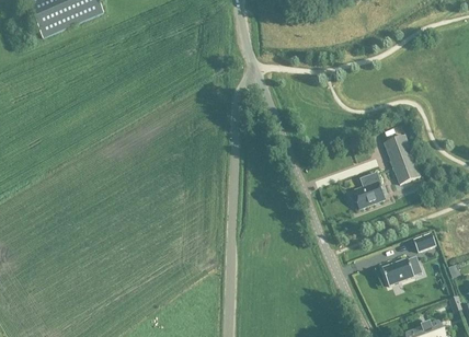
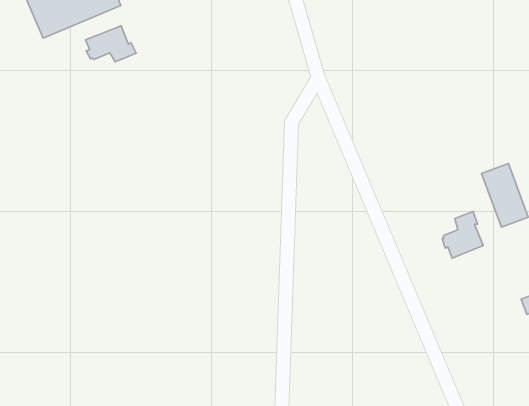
building: none -> [86,26,136,62]
building: [381,259,413,286] -> none

